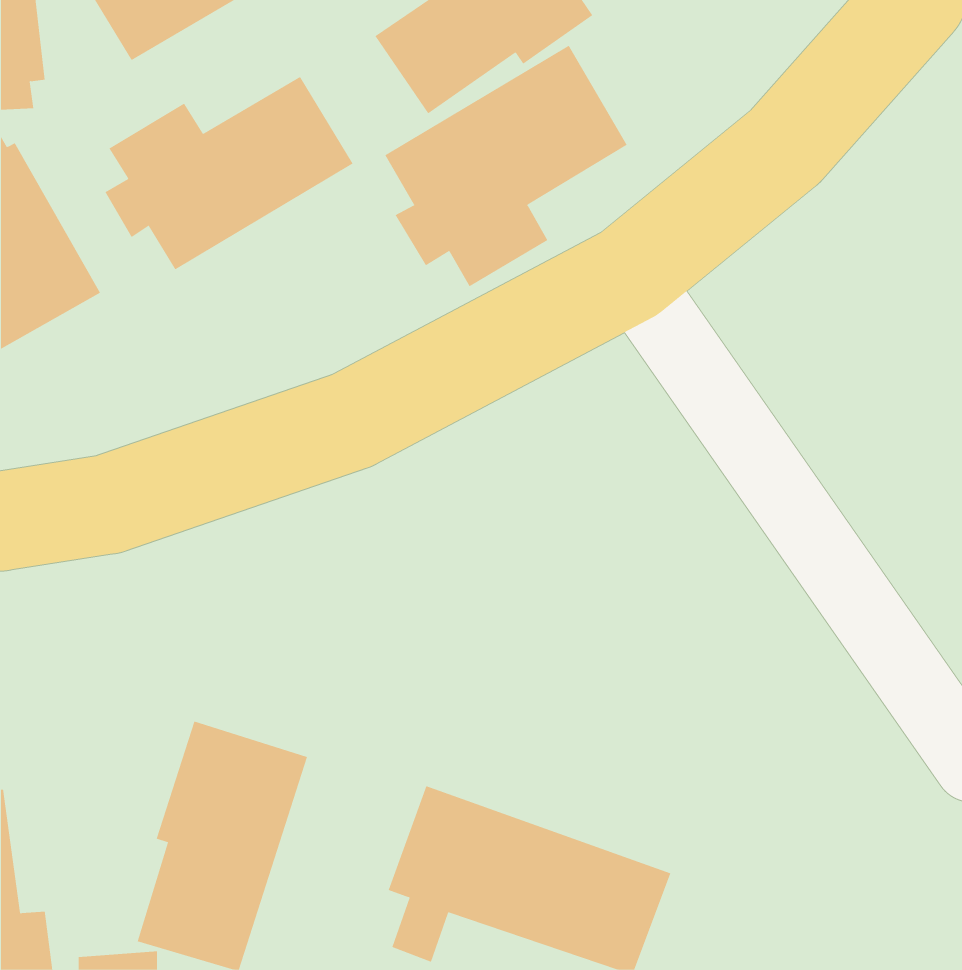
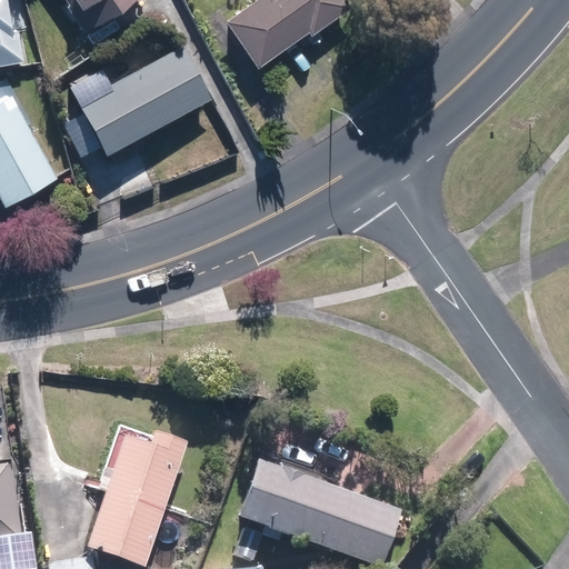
building: [384,45,628,287] -> none

